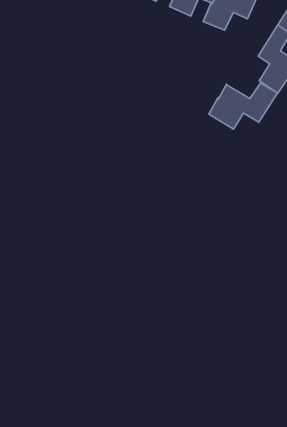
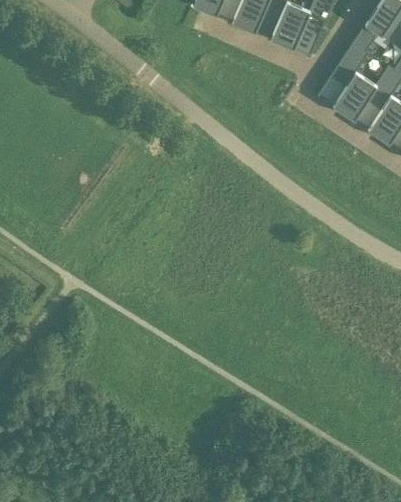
building: [209,83,277,129] -> none

